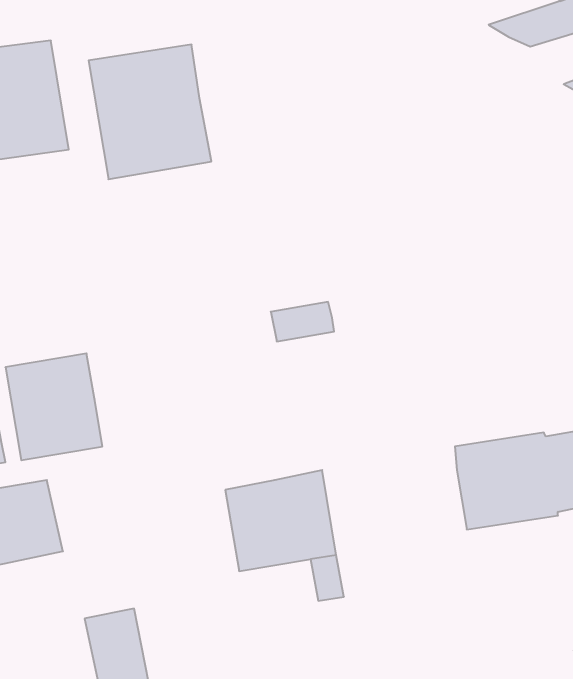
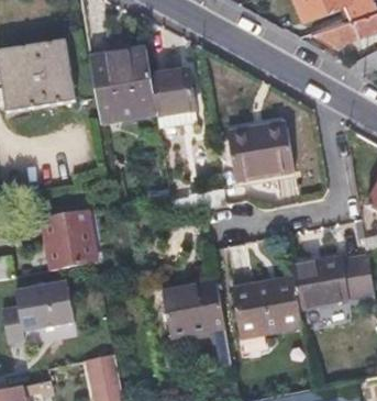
building: none -> [149,67,193,113]
building: none -> [232,126,297,180]
building: none -> [234,279,300,338]

